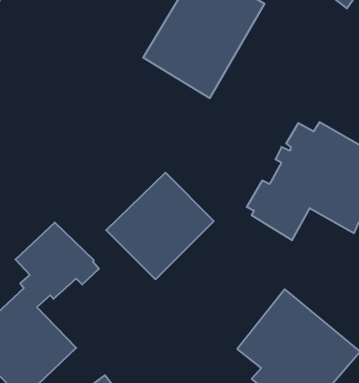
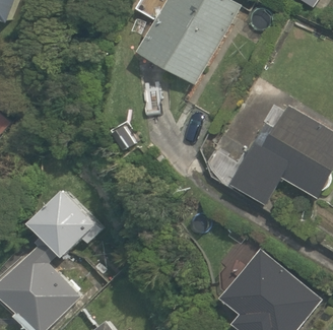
building: [106,173,214,279] -> none

